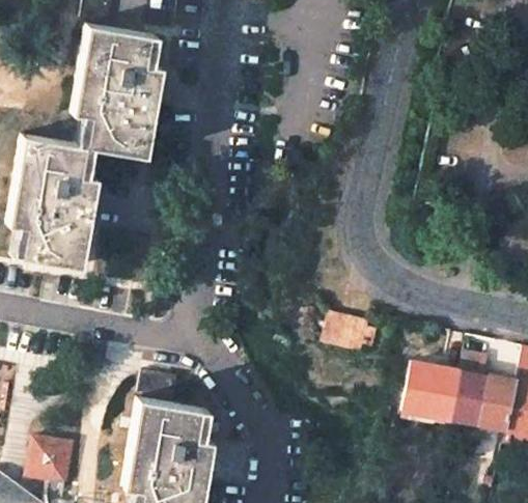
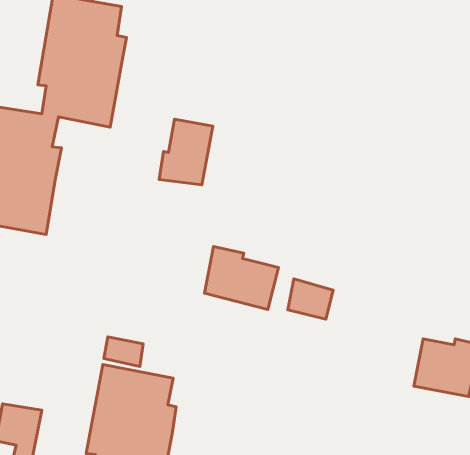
building: none -> [159,119,213,185]
building: none -> [204,246,279,310]
building: [404,362,458,419] -> none

